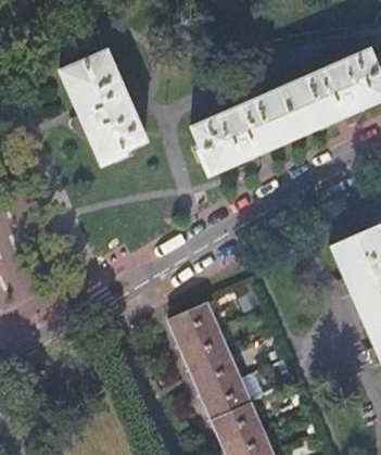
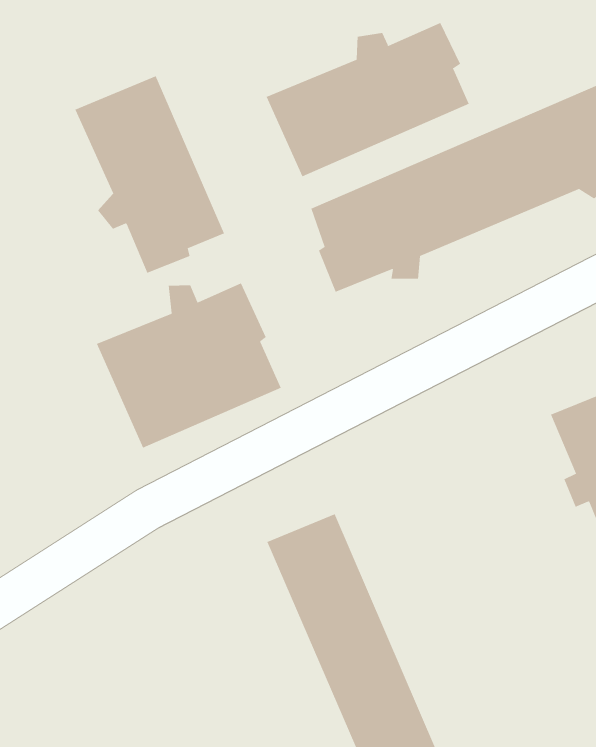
building: none -> [266,22,470,177]
building: none -> [96,282,282,448]

